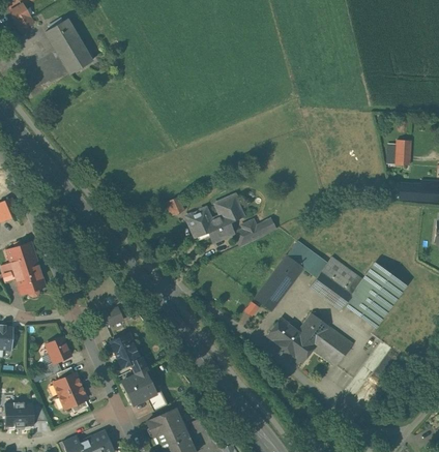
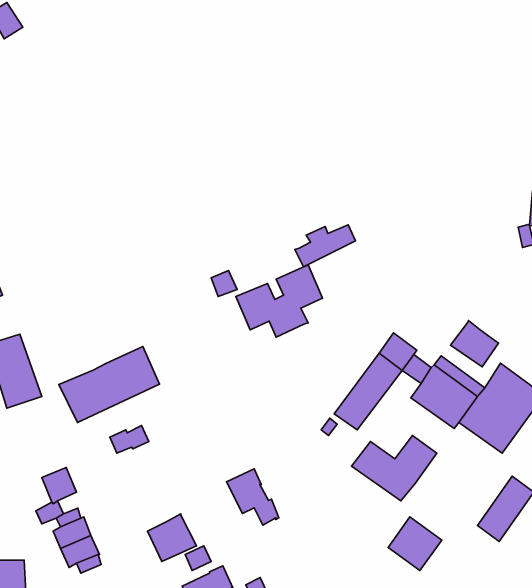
building: [43,20,90,73] -> none
building: [233,216,276,246] -> [295,225,356,267]
building: none -> [450,320,499,367]
building: none -> [59,346,160,422]
building: [313,326,351,364] -> [388,517,442,571]
building: [110,334,147,374] -> [227,469,279,525]

